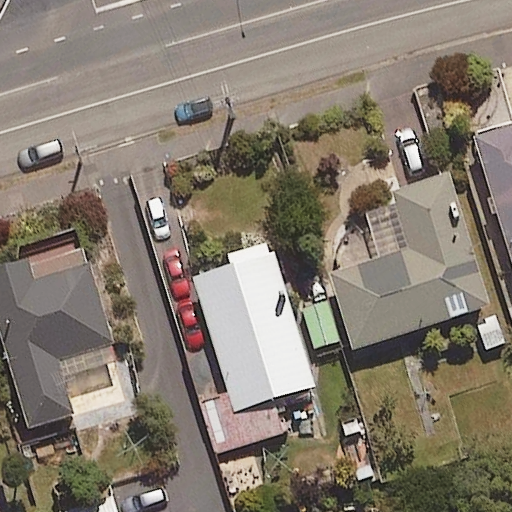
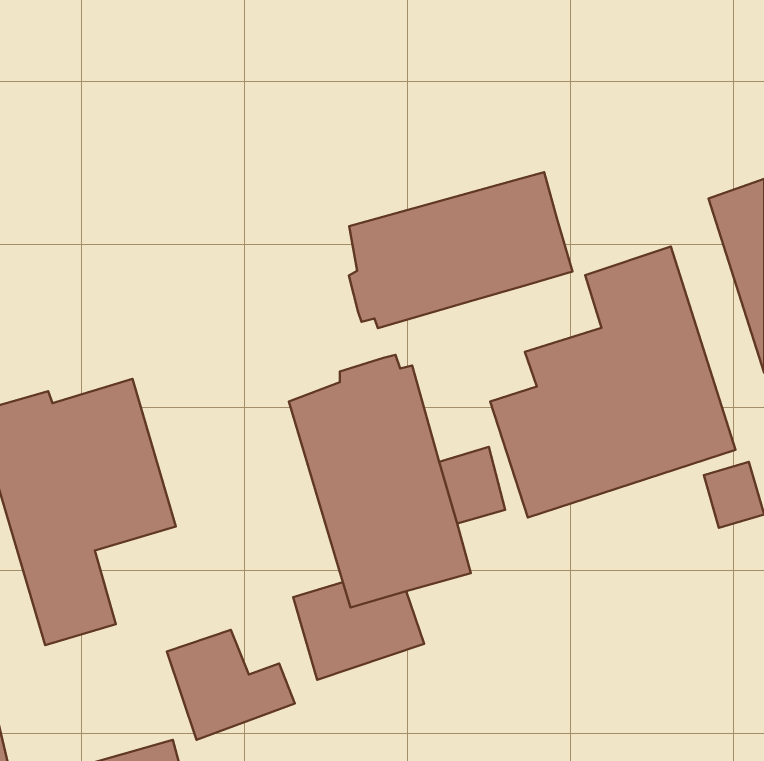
building: none -> [349,172,573,328]
building: none -> [167,630,295,740]

